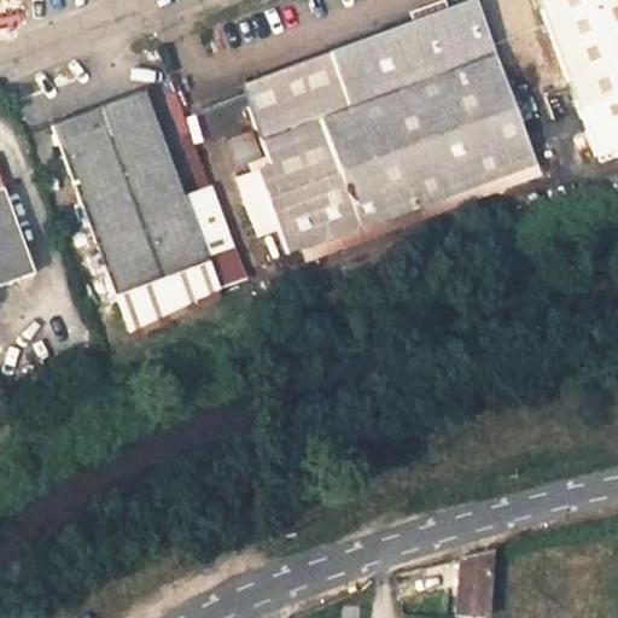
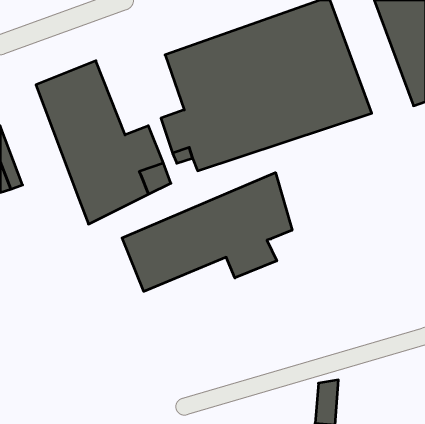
building: none -> [122,173,292,291]

